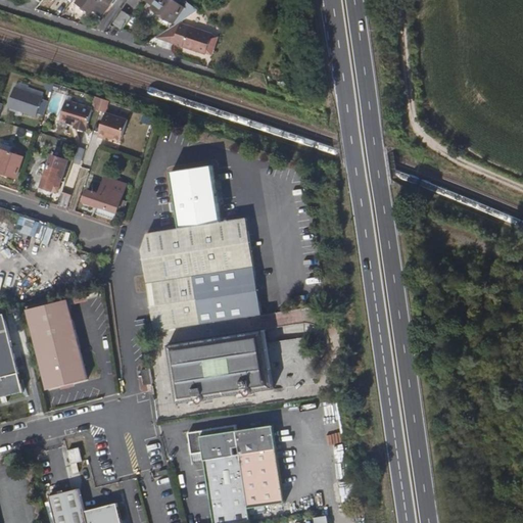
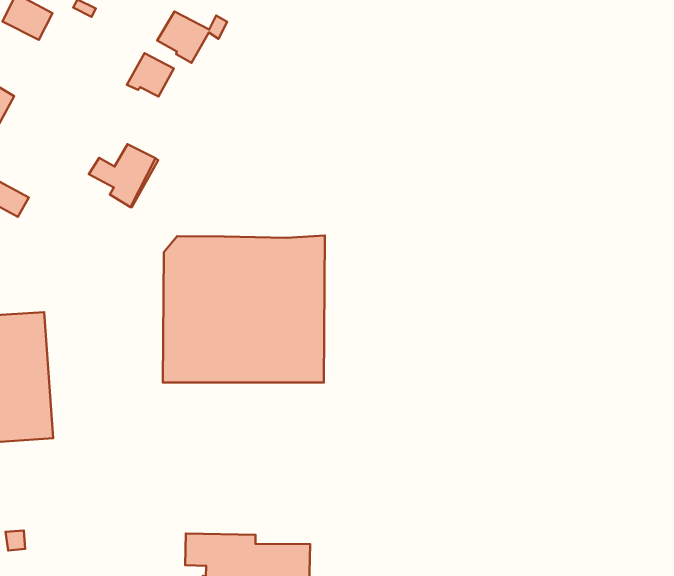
building: [55,96,100,131] -> [157,11,227,63]
building: [40,153,66,189] -> none
building: [170,163,220,227] -> none
building: [169,332,270,400] -> none

